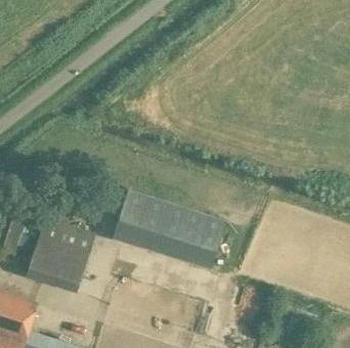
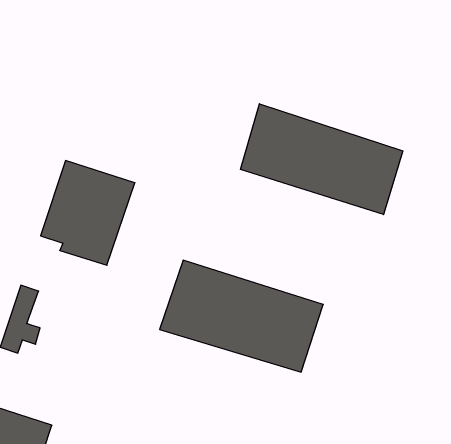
building: none -> [240,104,403,215]
building: [30,216,95,289] -> [41,161,135,265]

